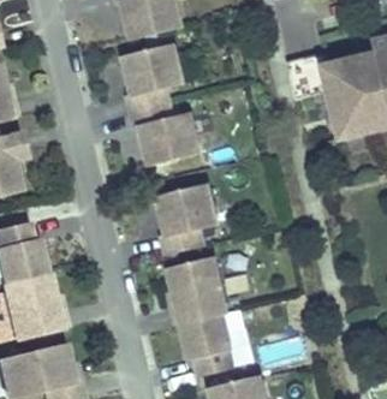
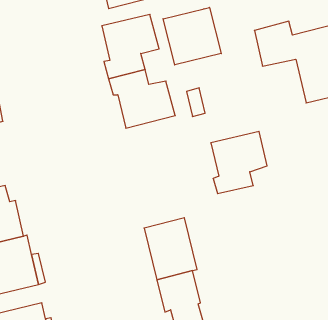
building: none -> [163,7,221,65]
building: [162,185,221,250] -> [211,131,267,194]

